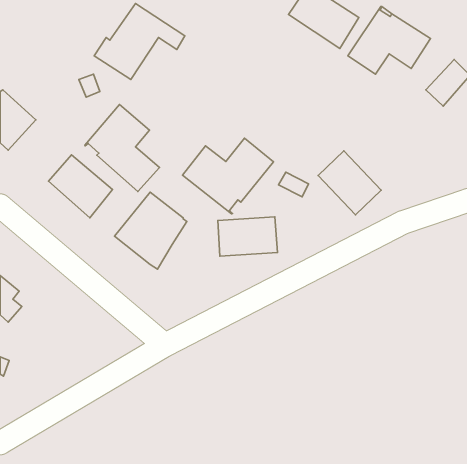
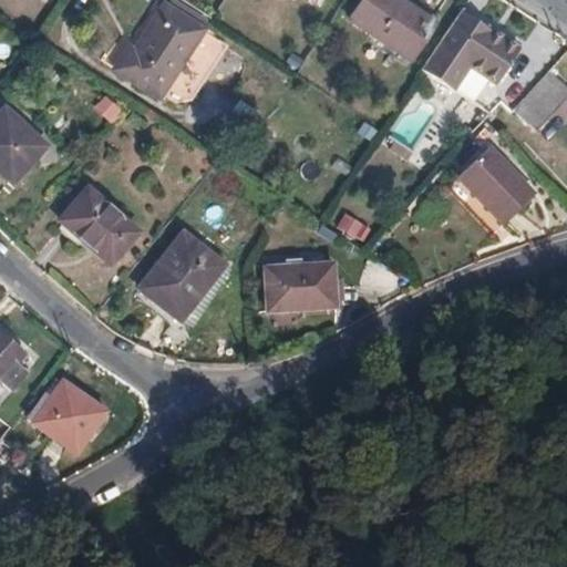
building: [85,104,160,191] -> none
building: [182,138,273,214] -> none
building: [318,151,381,215] -> [458,145,535,223]
building: none -> [33,381,105,452]

